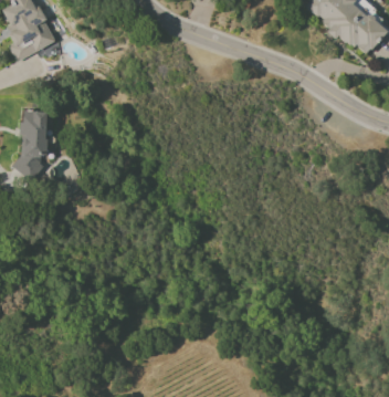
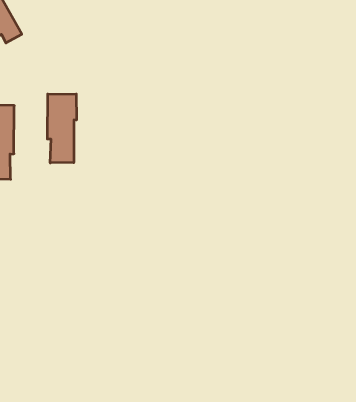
building: none -> [47,94,76,163]

